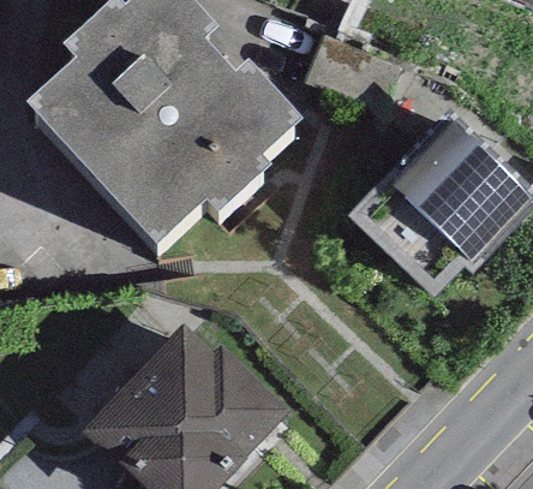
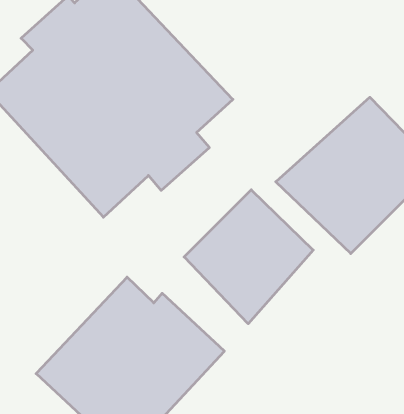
building: none -> [184,190,313,324]

